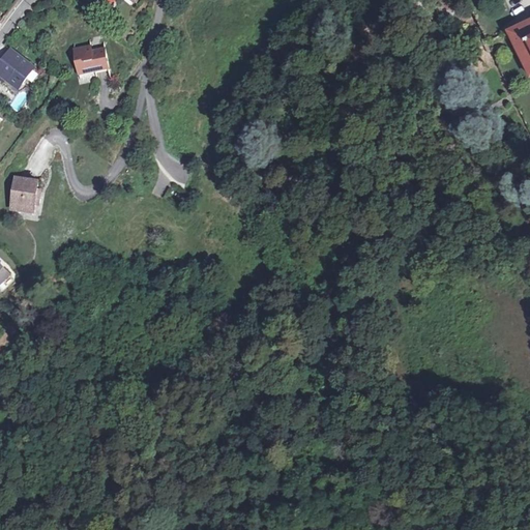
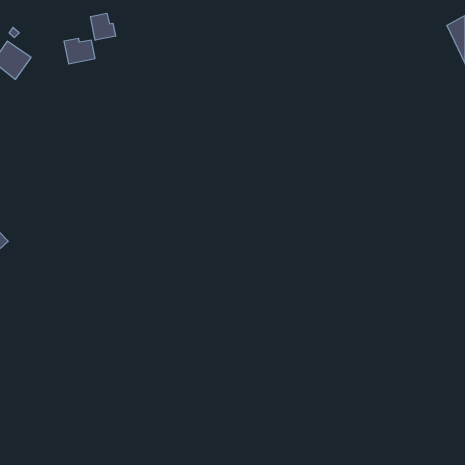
building: none -> [90,13,116,40]
building: [10,177,37,210] -> none

